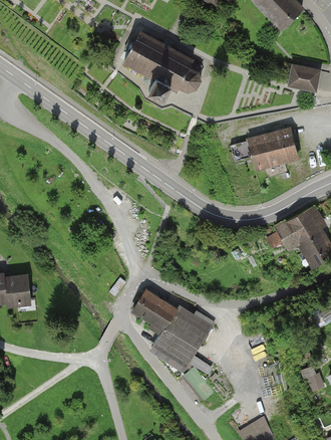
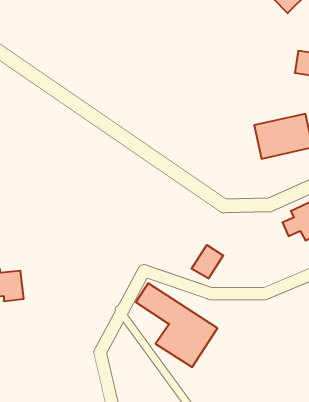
building: [122,31,200,98] -> none
building: none -> [191,245,223,279]

